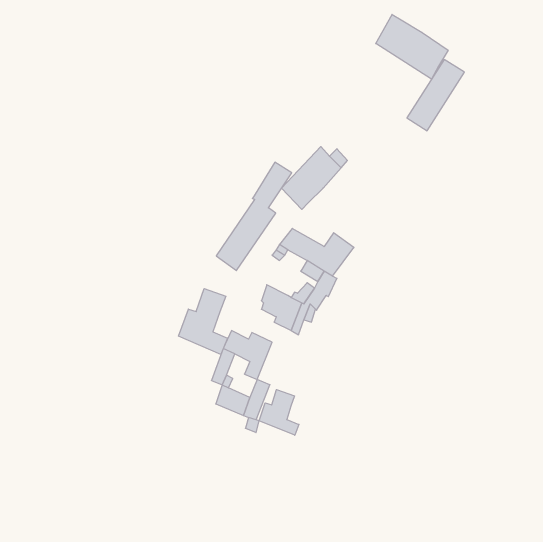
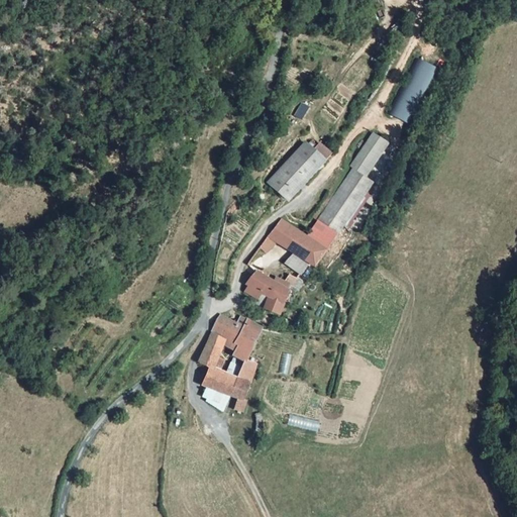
building: [376,14,448,79] -> none
building: [216,162,292,271] -> [317,132,389,235]
building: [178,289,228,354] -> none
building: [259,390,299,435] -> none

